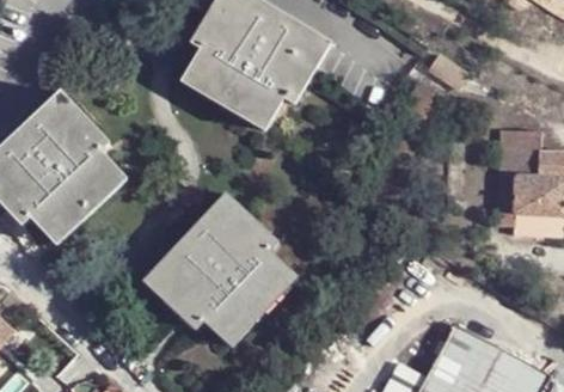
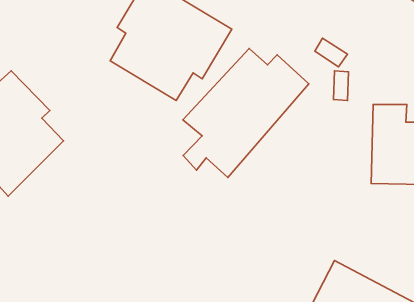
building: none -> [183,49,309,177]
building: [147,192,298,345] -> none

